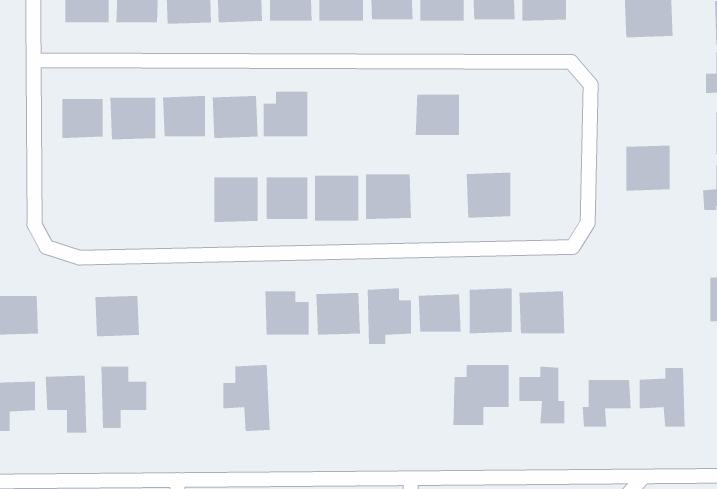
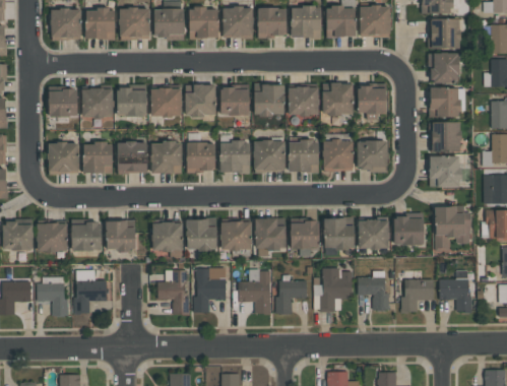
building: none -> [429,53,460,83]
building: none -> [322,83,354,116]
building: none -> [254,84,284,115]
building: none -> [358,86,386,114]
building: none -> [430,87,461,117]
building: none -> [220,88,249,115]
building: none -> [289,140,319,172]
building: none -> [357,140,388,172]
building: none -> [117,141,147,173]
building: none -> [48,142,78,173]
building: none -> [82,142,113,173]
building: none -> [429,155,460,187]
building: none -> [435,206,470,248]
building: none -> [393,213,424,245]
building: none -> [106,220,135,251]
building: none -> [37,222,67,252]
building: none -> [151,222,183,250]
building: none -> [195,267,226,313]
building: none -> [238,269,271,314]
building: none -> [278,278,307,314]

